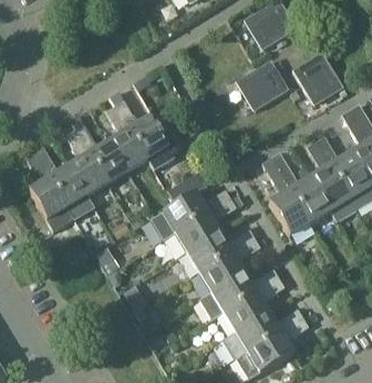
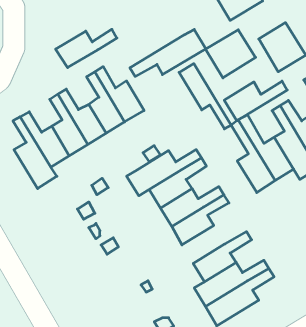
building: none -> [56,29,117,68]
building: none -> [130,29,206,76]
building: none -> [179,64,231,129]
building: none -> [224,81,287,121]
building: [198,268,279,318] -> none

